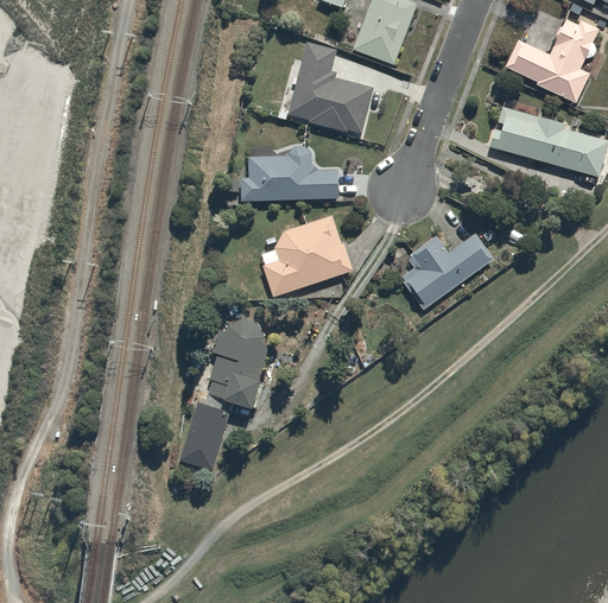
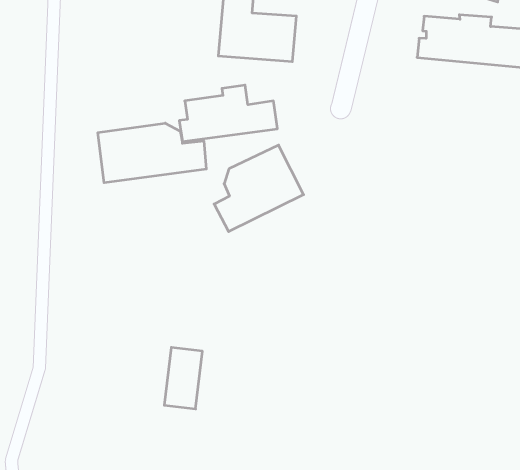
building: none -> [98,123,206,183]
building: [401,235,492,310] -> none
building: [208,320,267,412] -> none

